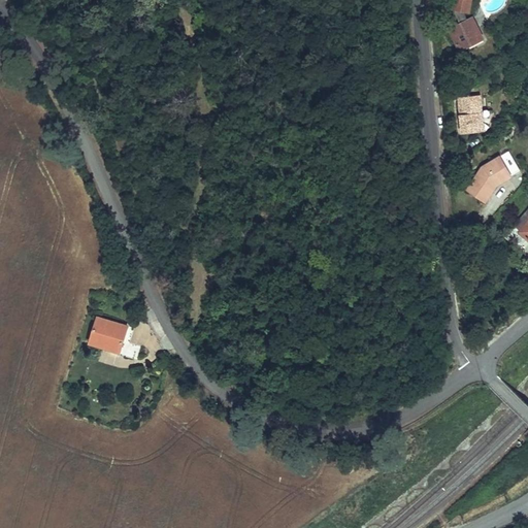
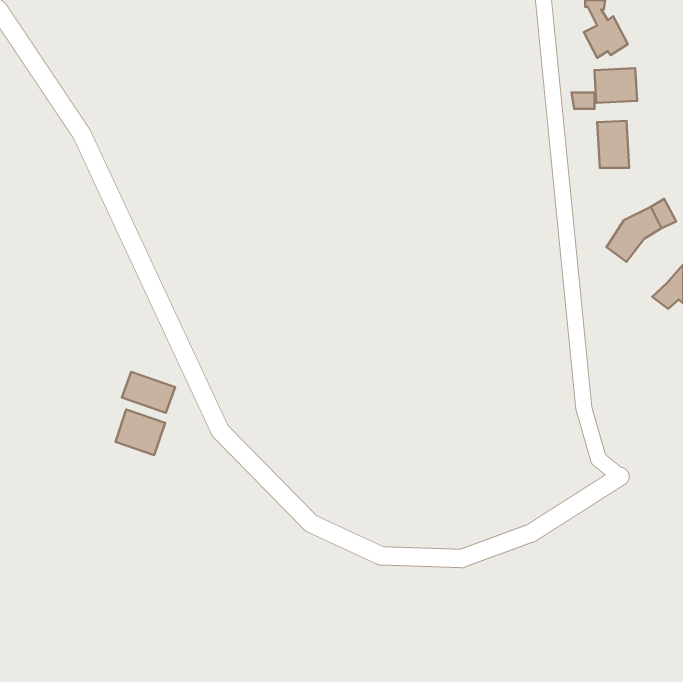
building: none -> [594,68,637,103]
building: none -> [122,372,175,413]

